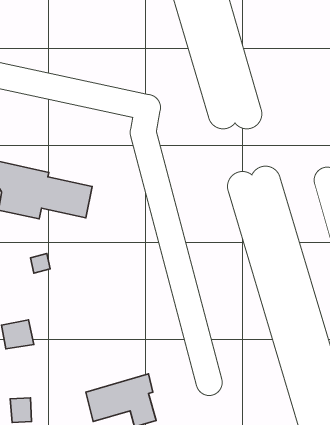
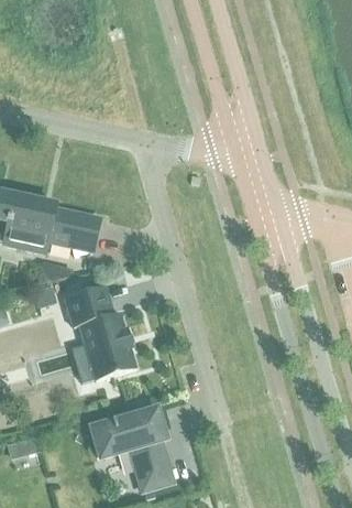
building: none -> [64,284,134,381]

